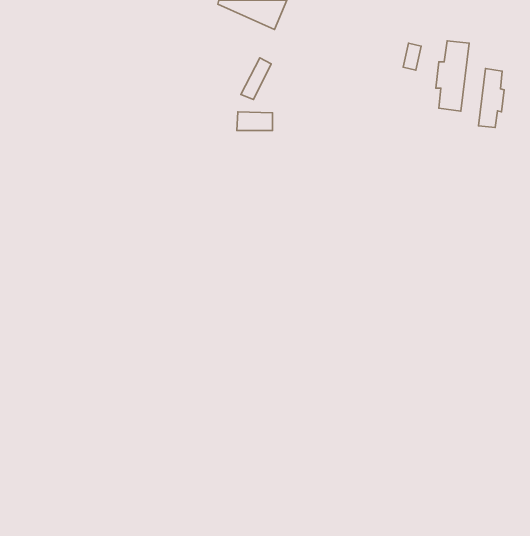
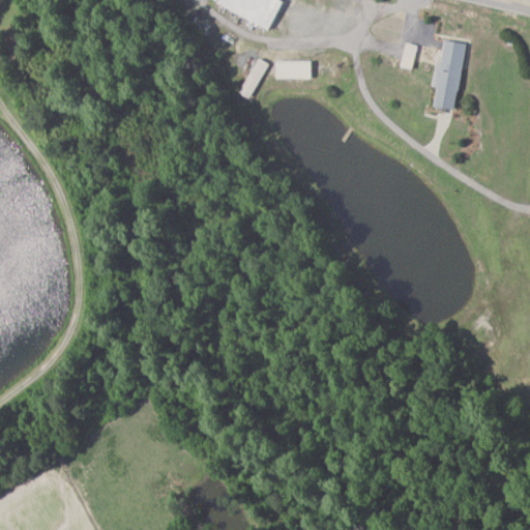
building: [478,68,504,128] -> none
building: [237,112,272,131] -> [276,60,312,79]

